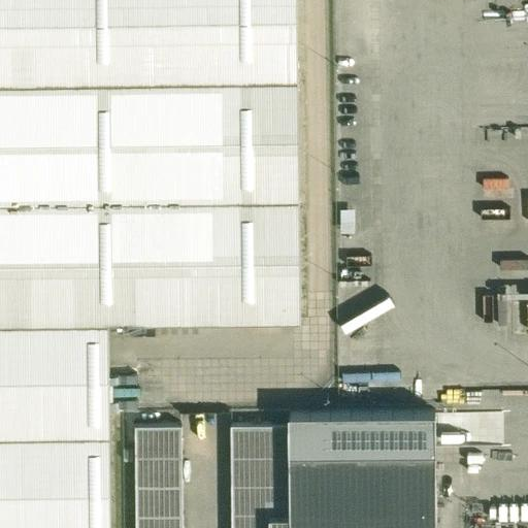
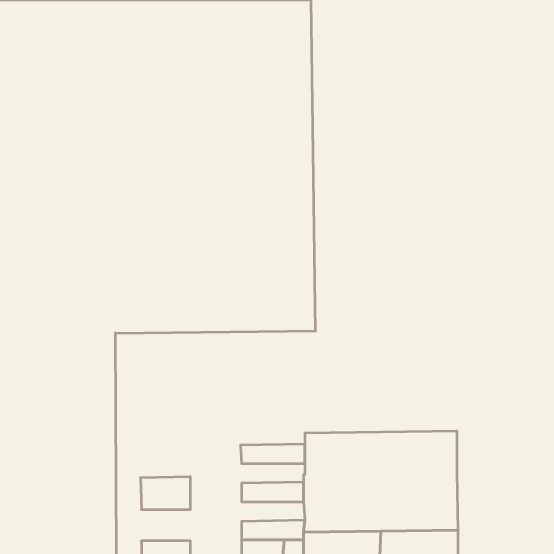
building: [133,424,180,455] -> none
building: [229,441,289,460] -> none
building: [229,477,289,496] -> none
building: [134,485,180,515] -> none

